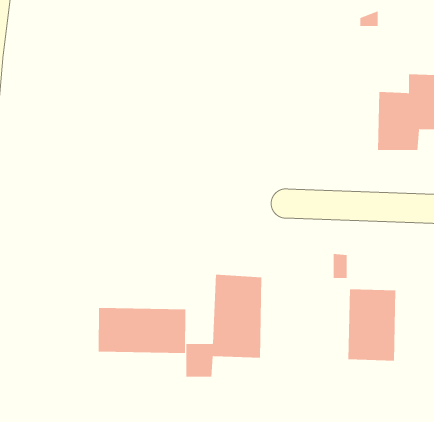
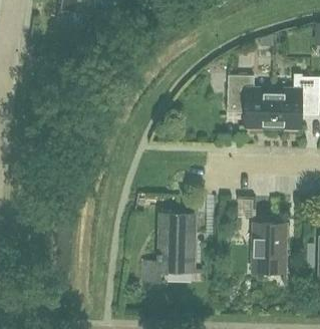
building: none -> [227,75,273,128]
building: [98,307,186,354] -> none

